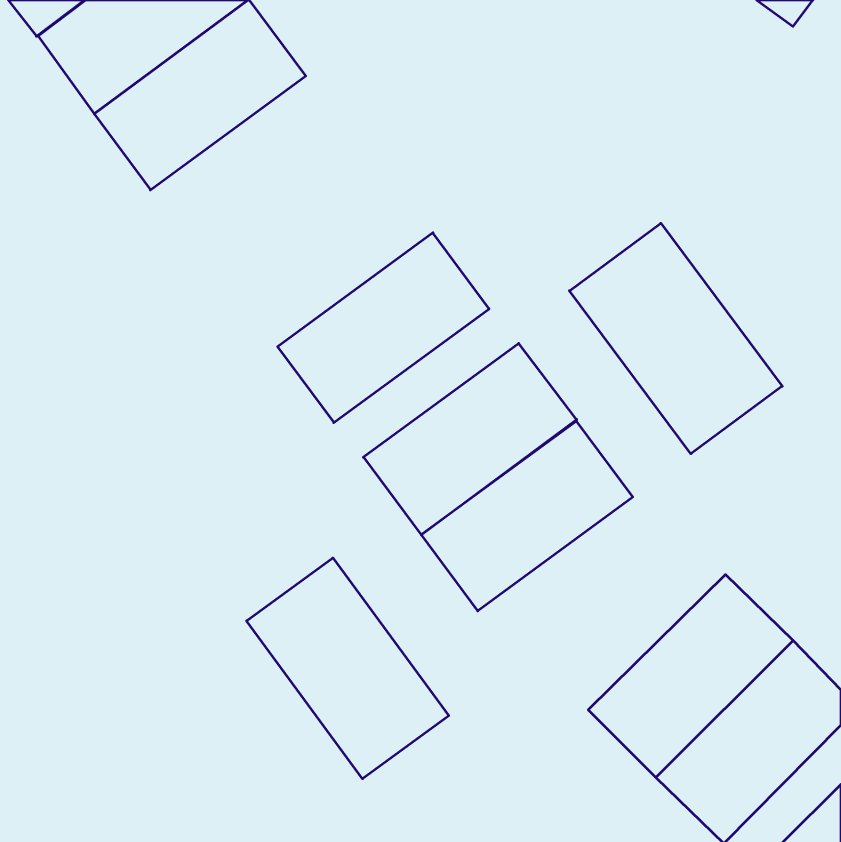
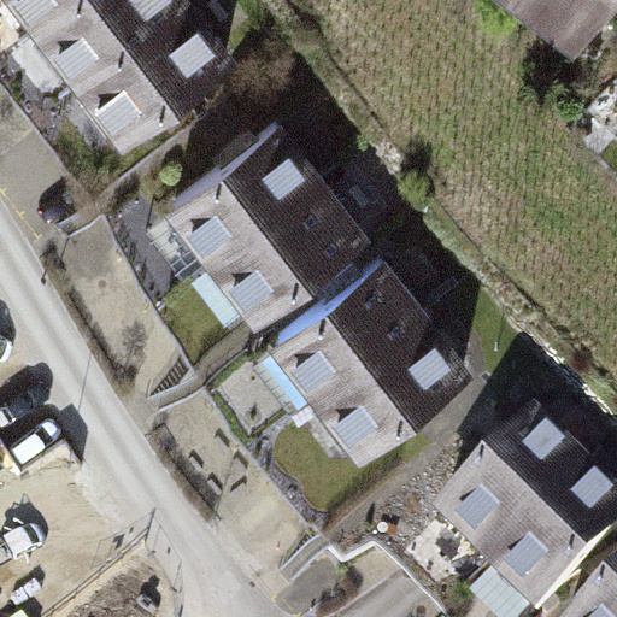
building: none -> [160,114,316,254]
building: [569,223,782,454] -> none
building: [247,558,449,779] -> none

